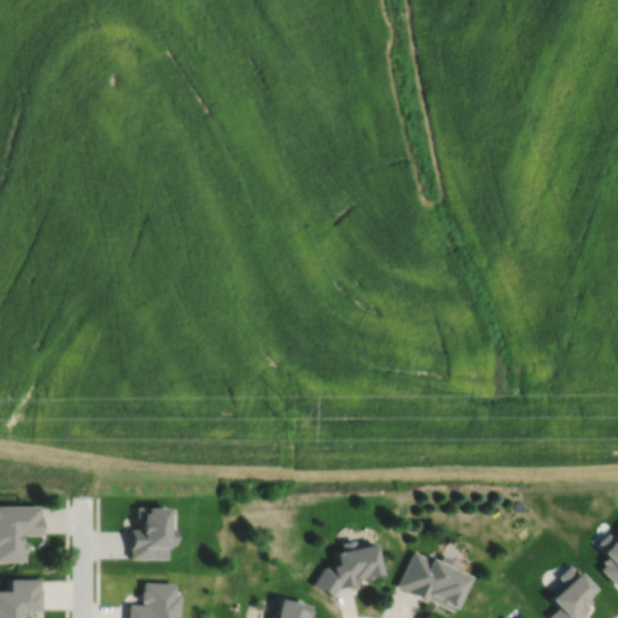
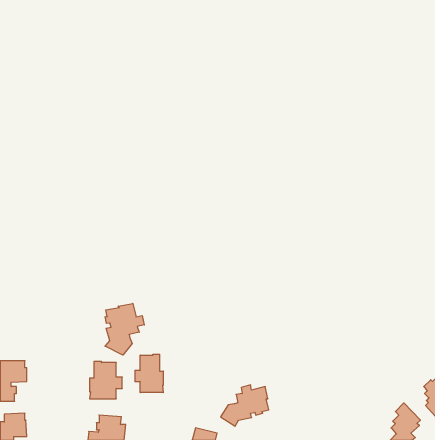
building: none -> [105,303,144,355]
building: none -> [135,354,163,393]
building: [402,552,473,612] -> none

